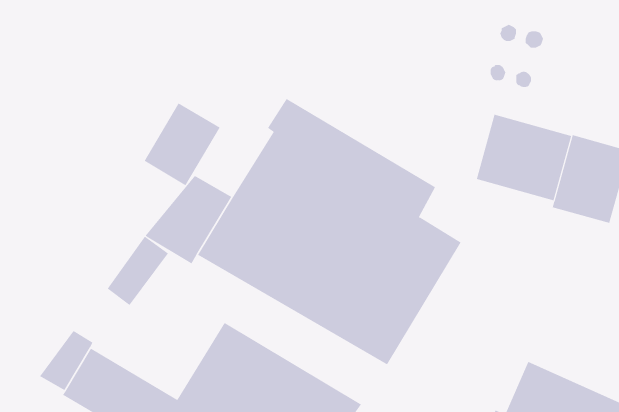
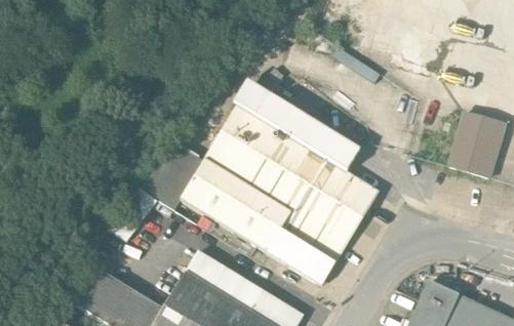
building: [144,102,220,186] -> none
building: [476,114,572,201] -> none

